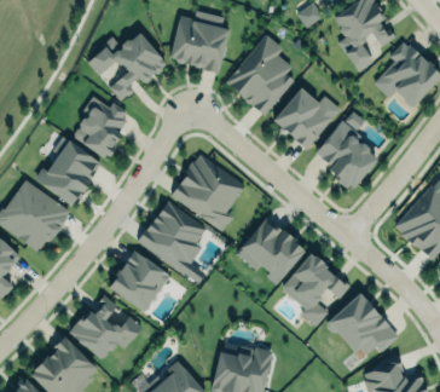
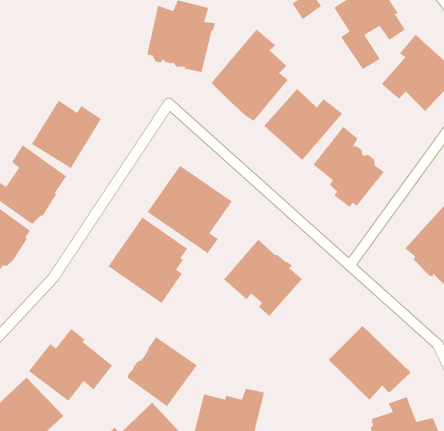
building: [87,34,167,99] -> none
building: [109,252,170,313] -> [127,336,198,407]
building: [284,255,349,324] -> none

